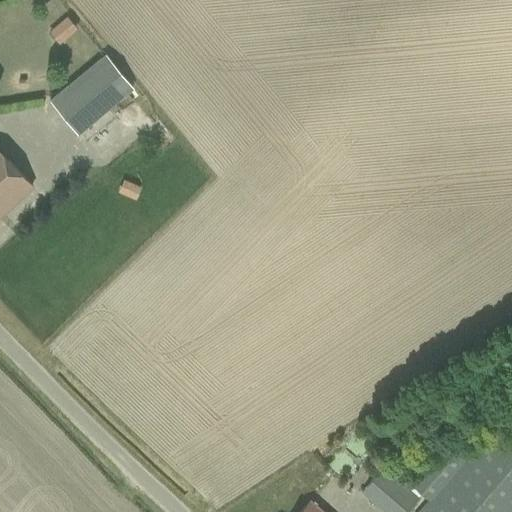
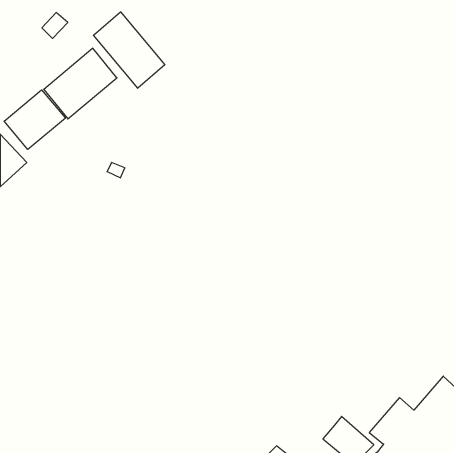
building: none -> [93,12,165,88]
building: none -> [4,90,65,149]

